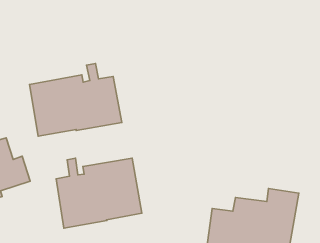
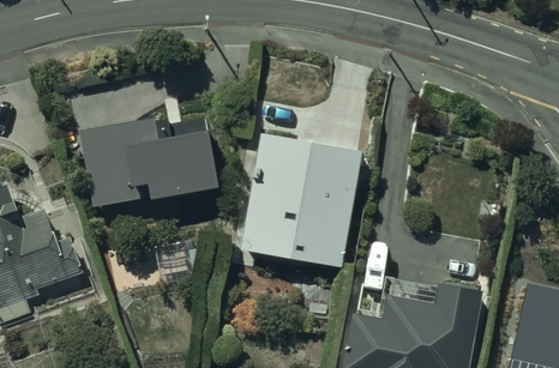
building: none -> [238,129,360,265]
building: [56,158,142,228] -> none

